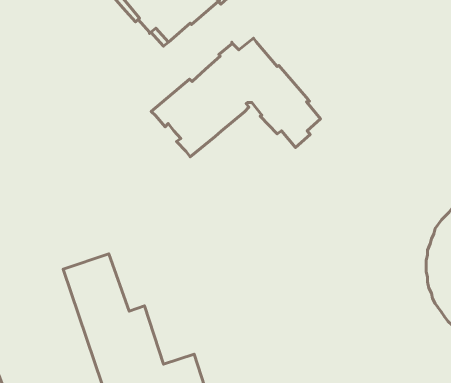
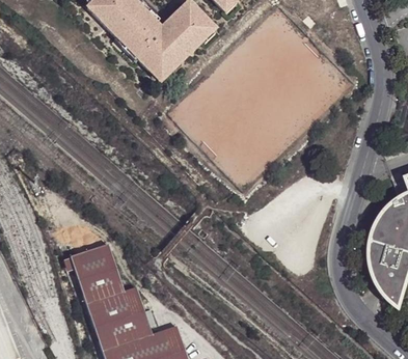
building: [151,38,320,157] -> none

